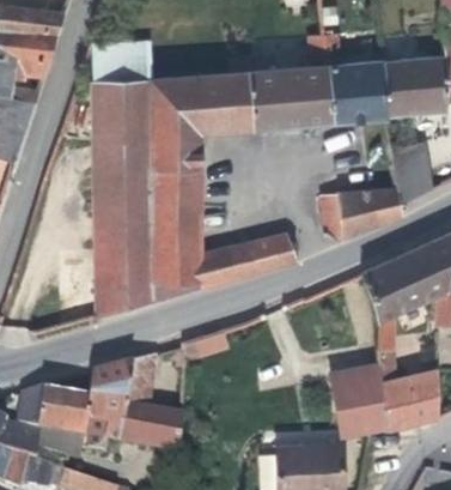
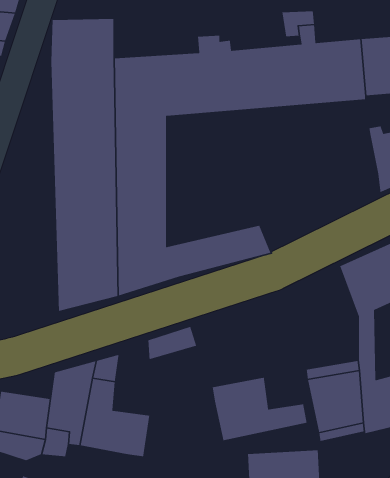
building: [321,186,402,242] -> none
building: none -> [212,377,307,441]

